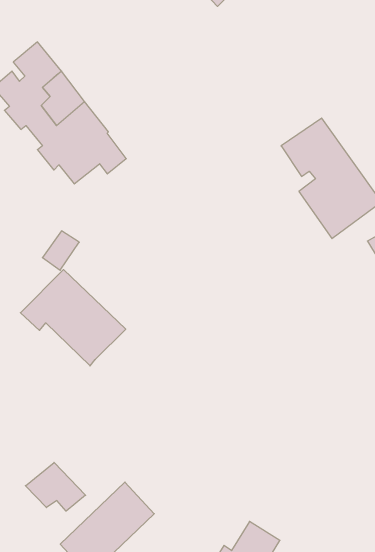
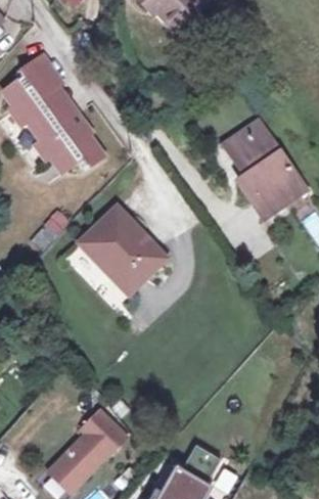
building: [20,270,126,366] -> [86,209,171,286]
building: [25,462,86,511] -> none

